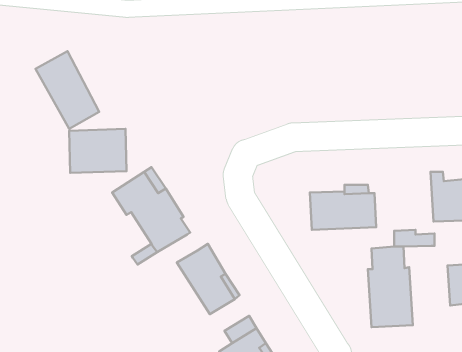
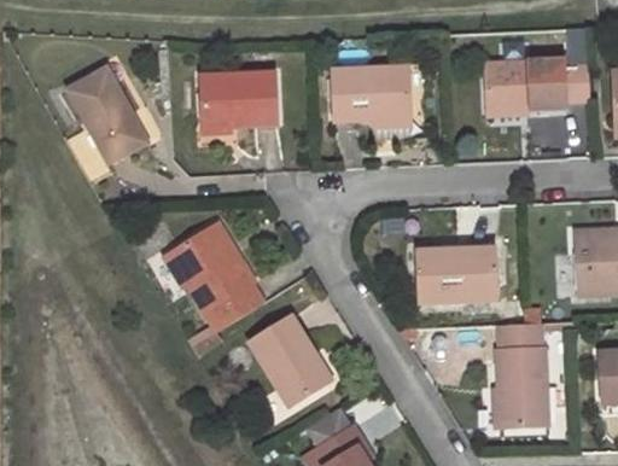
building: none -> [489,58,594,112]
building: none -> [332,64,410,136]
building: [69,129,126,173] -> [197,69,270,126]

